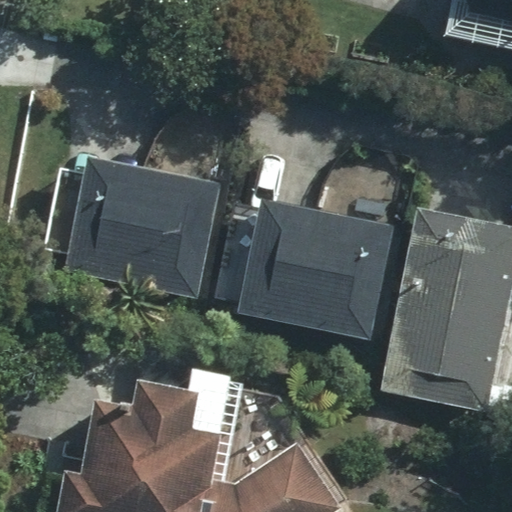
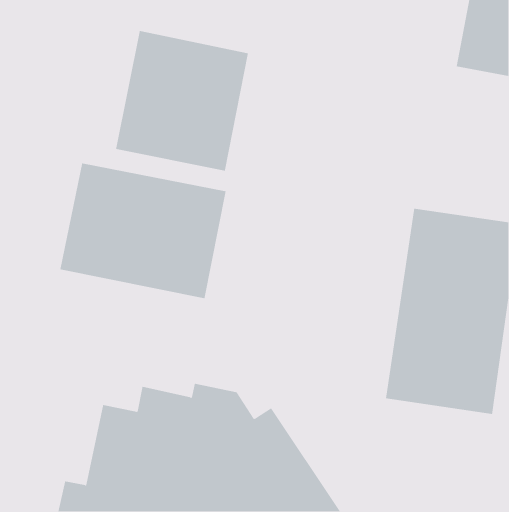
building: none -> [115,30,248,172]
building: [235,198,395,346] -> none

